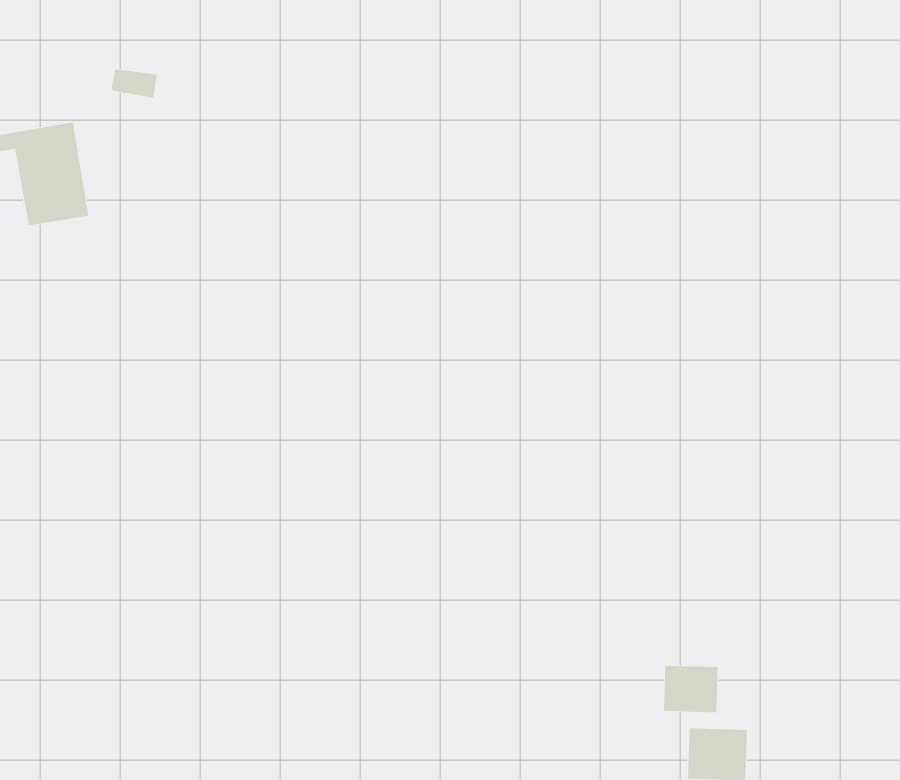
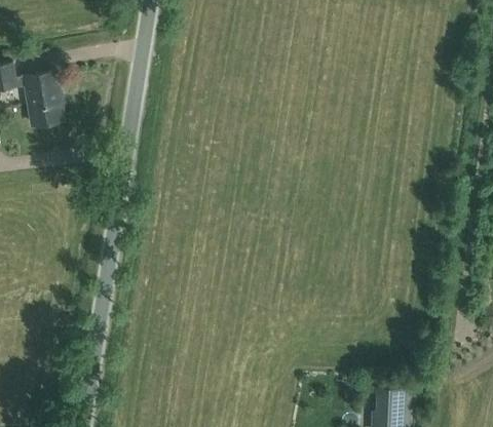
building: [663,665,718,713] -> none

